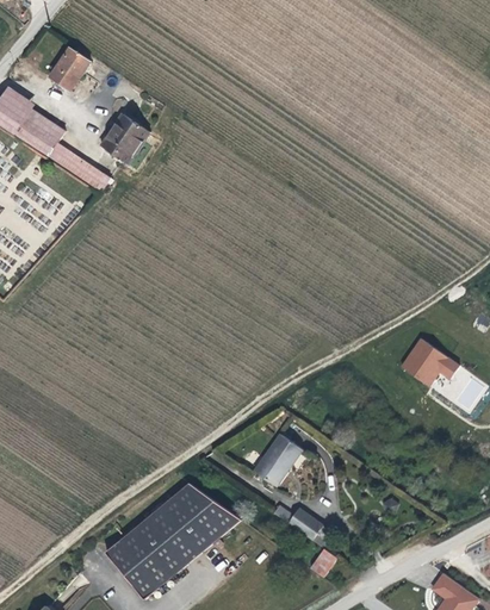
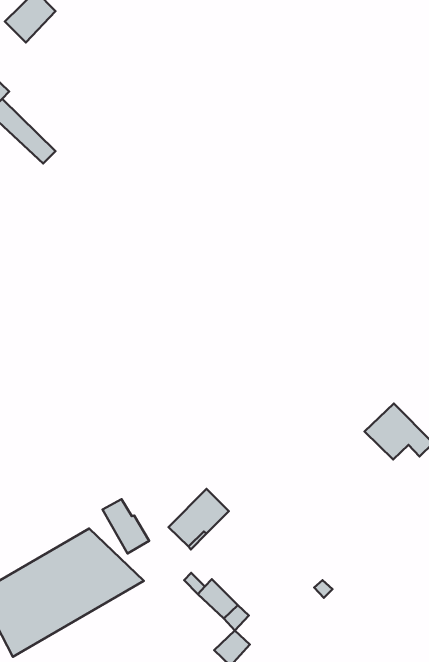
building: [99,112,148,162] -> none
building: none -> [102,499,149,553]

